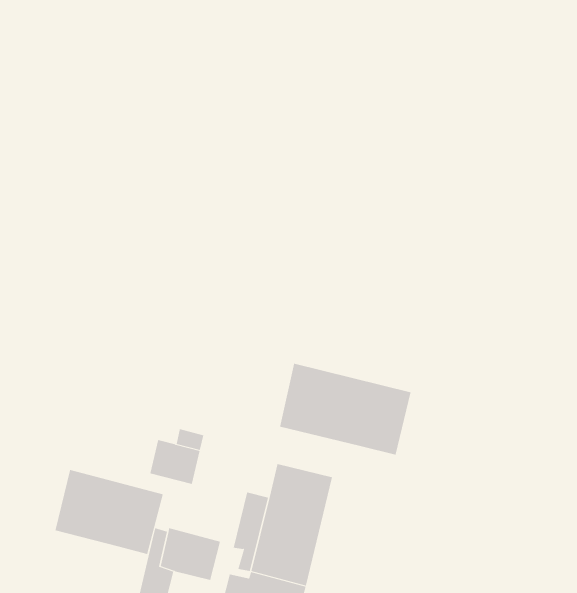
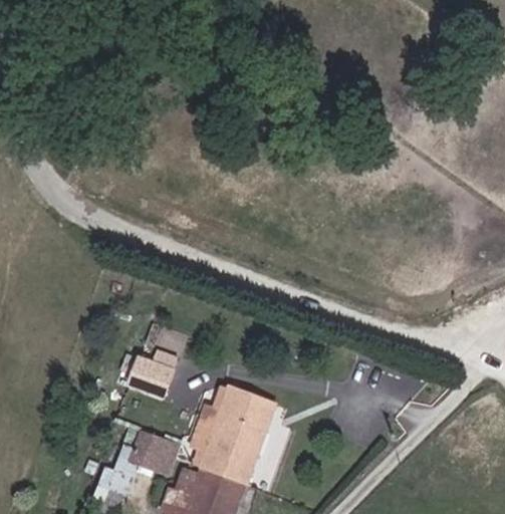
building: [279,363,411,455] -> none
building: [55,469,163,555] -> none

